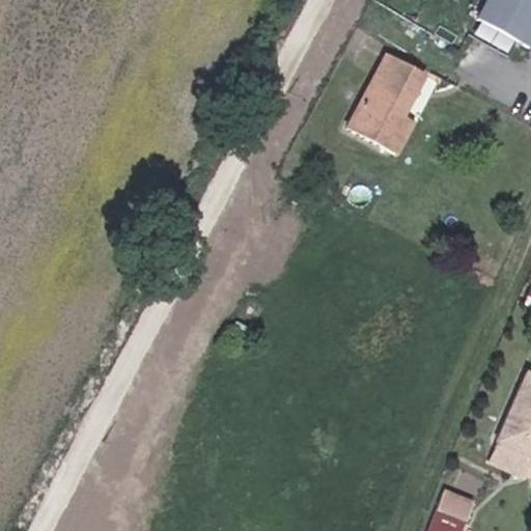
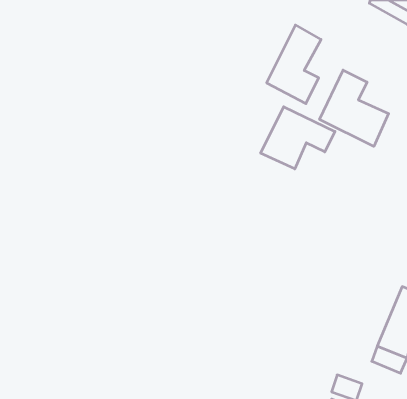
building: none -> [320,70,389,146]
building: none -> [261,107,335,169]

